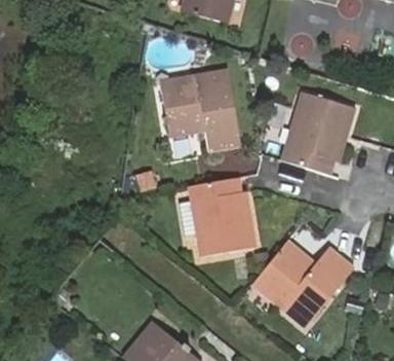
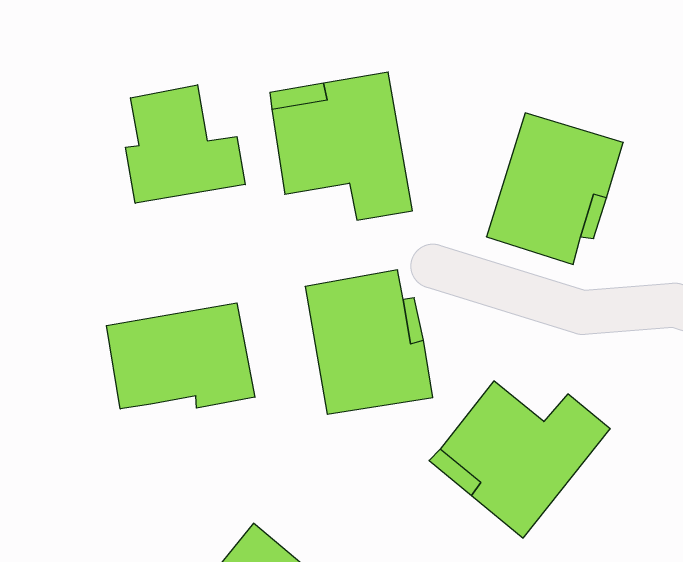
building: none -> [126,85,245,203]
building: none -> [106,303,255,409]

